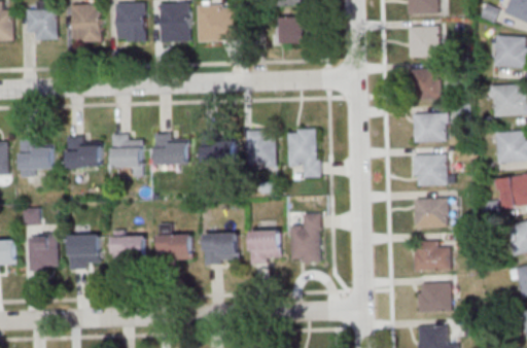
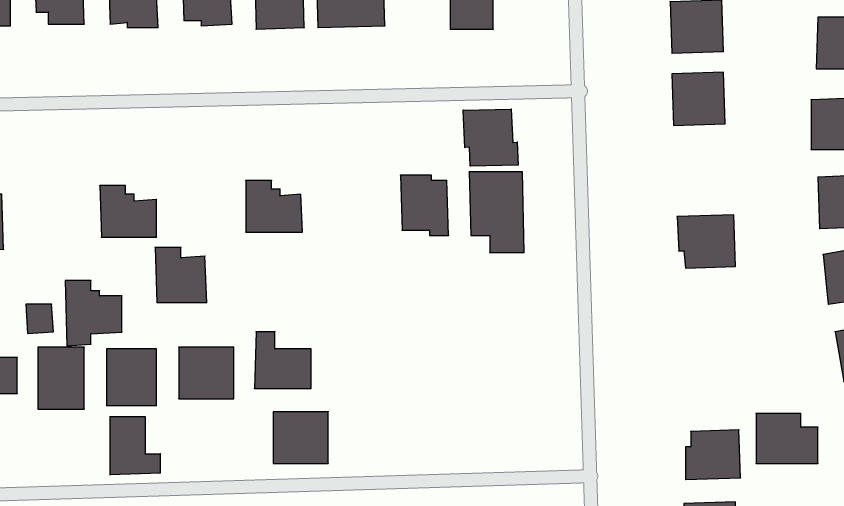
building: none -> [463,109,518,166]
building: [413,111,444,143] -> none
building: [200,132,234,163] -> none
building: [111,135,142,168] -> [155,248,207,303]
building: [20,139,54,178] -> [65,281,122,346]
building: [415,199,447,228] -> none
building: [290,213,320,262] -> none
building: [251,231,280,263] -> none
building: [205,233,238,264] -> [273,412,328,463]
building: [414,241,451,271] -> [756,413,818,463]
building: none -> [110,417,160,475]

